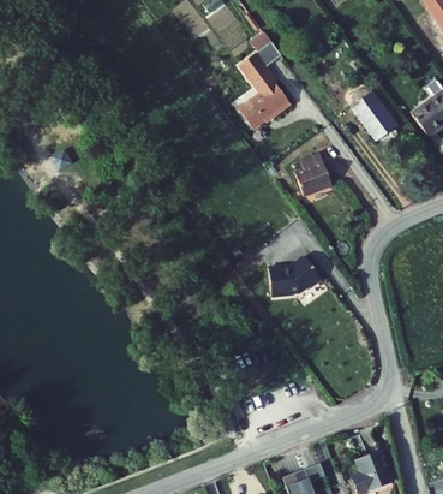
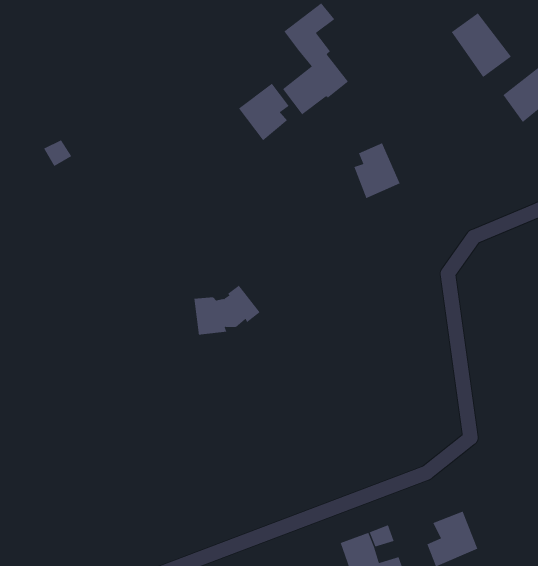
building: [349,91,397,143] -> [451,12,512,78]
building: none -> [238,83,289,141]
building: [259,263,312,303] -> [194,285,260,335]

